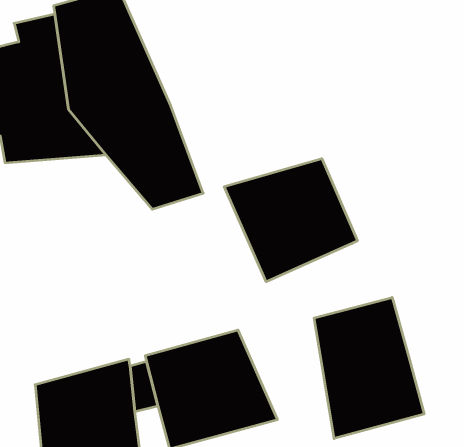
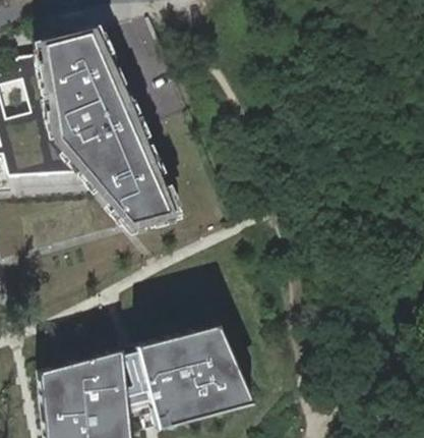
building: [224,159,357,282] -> none
building: [314,297,424,439] -> none

